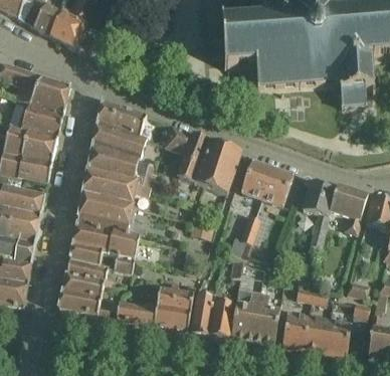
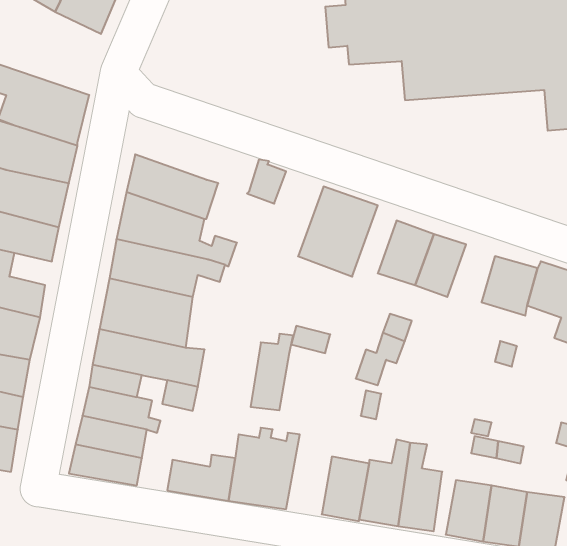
building: [98,99,147,135] -> none
building: [176,132,209,180] -> none
building: [191,288,216,333] -> [251,334,293,410]

